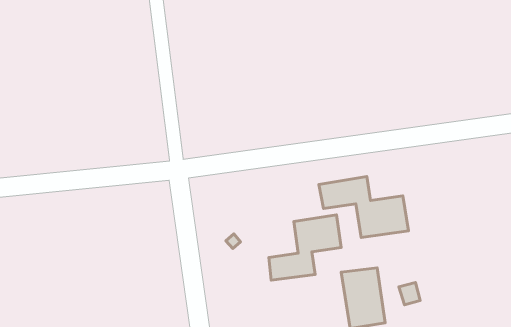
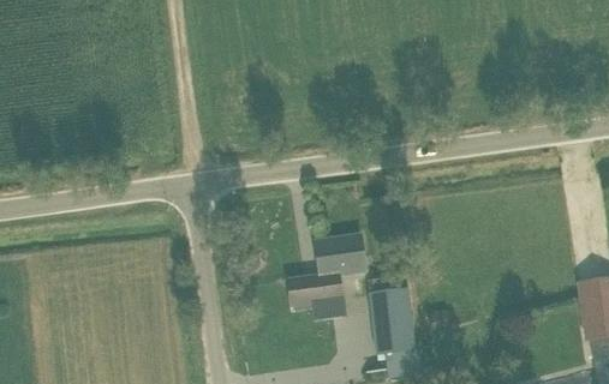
building: [319,176,409,238] -> none

